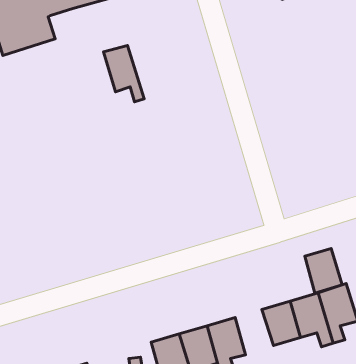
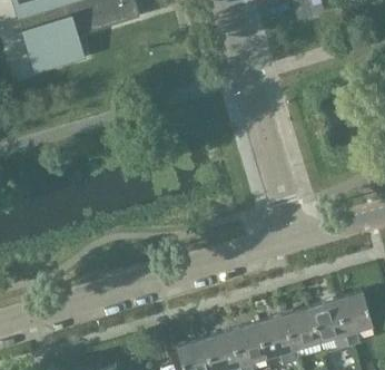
building: [104,45,144,102] -> none
building: [305,249,342,293] -> none
building: none -> [255,317,292,360]

